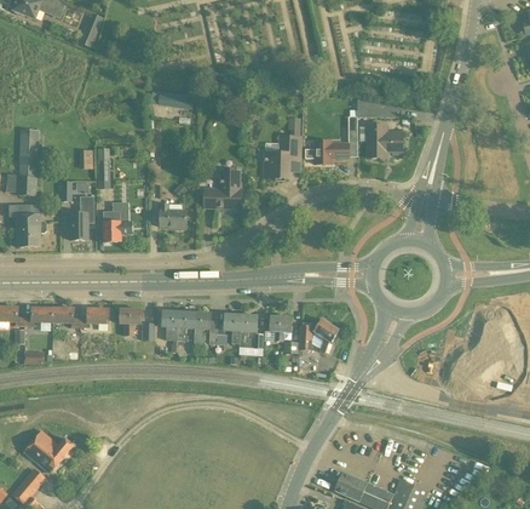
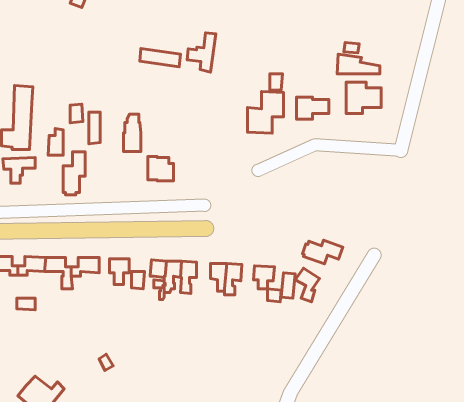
building: none -> [187,33,216,72]
building: [204,170,243,208] -> none
building: [103,202,121,241] -> [124,114,141,151]
building: [17,215,47,246] -> none
building: none -> [302,240,343,264]

